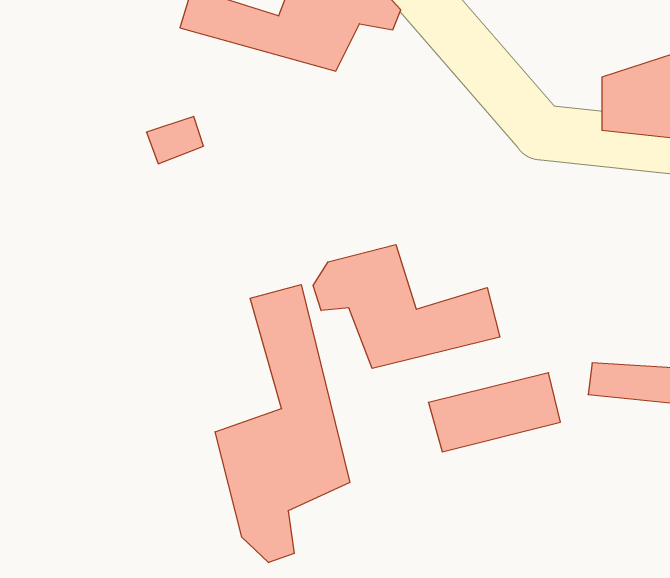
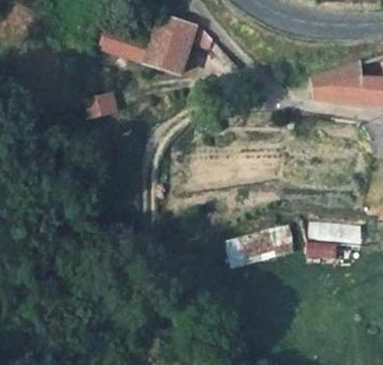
building: [313,245,500,368] -> none
building: [215,285,350,563] -> none

